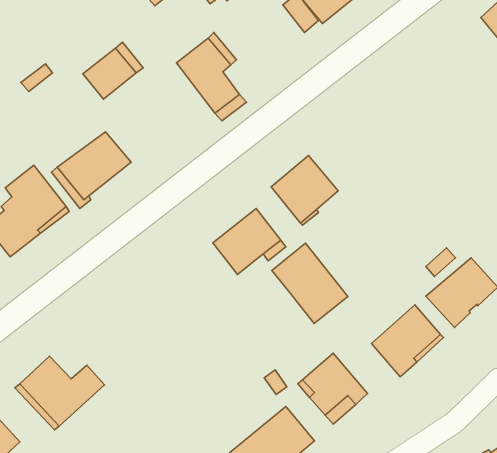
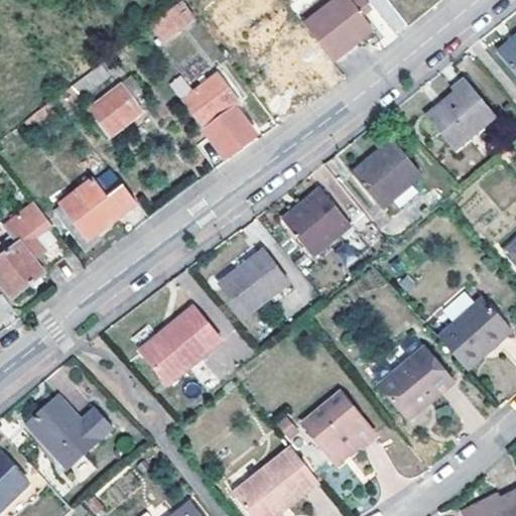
building: none -> [425,79,494,148]
building: none -> [348,142,418,211]
building: [272,243,348,324] -> none
building: none -> [139,306,221,386]

